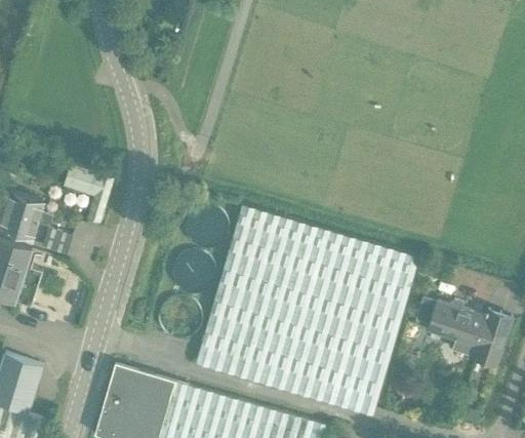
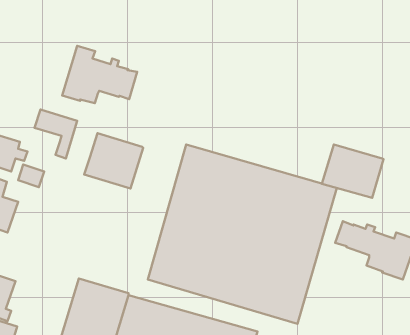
building: none -> [62,46,137,103]
building: none -> [84,133,143,189]
building: none -> [322,144,383,198]

